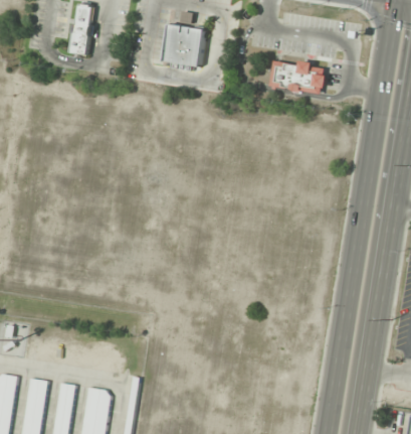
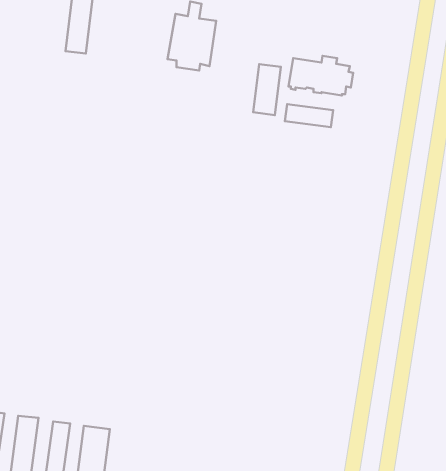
building: none -> [253,64,281,115]
building: none -> [285,104,333,127]

